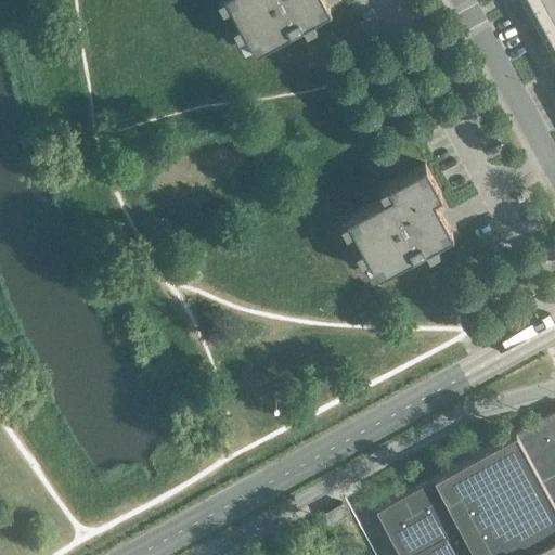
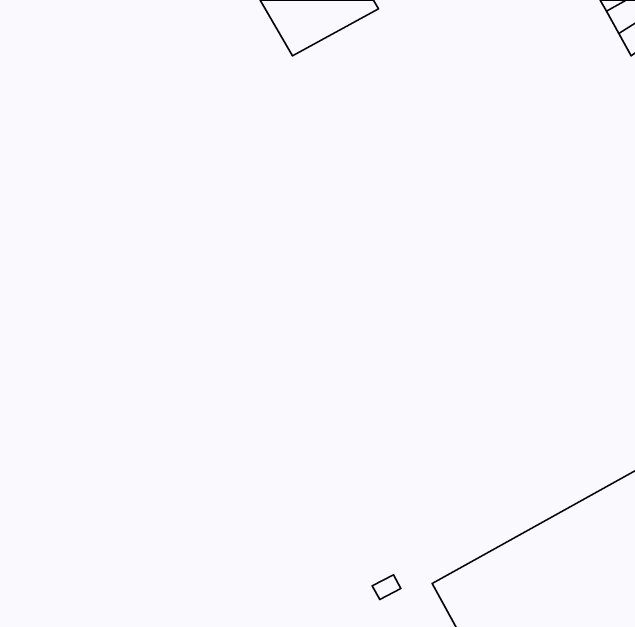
building: [347,170,453,281] -> none

